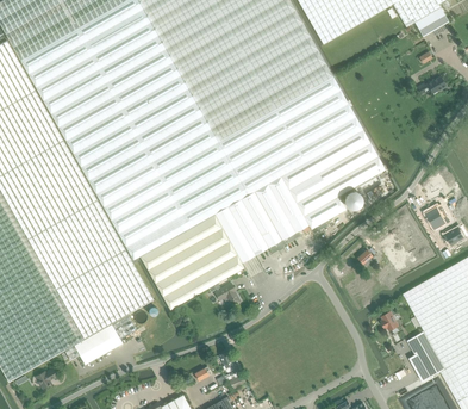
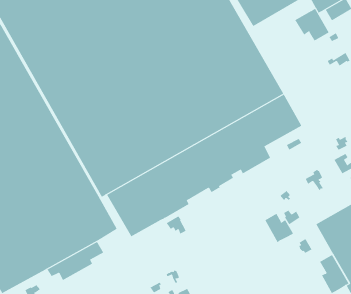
building: none -> [295,8,329,42]
building: none -> [264,213,294,243]

